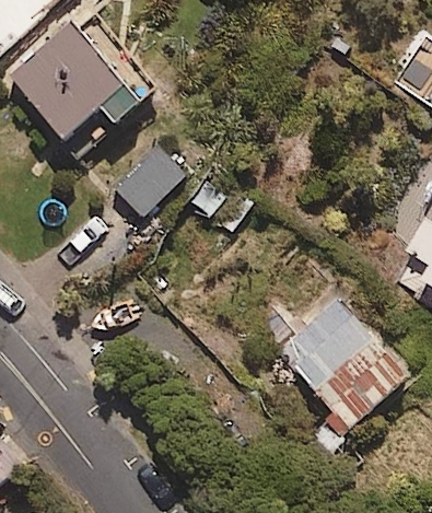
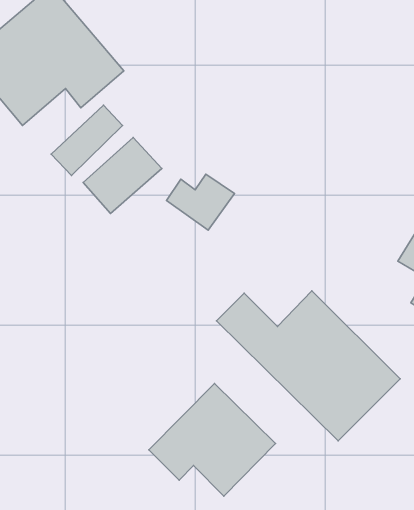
building: none -> [149,384,275,496]

